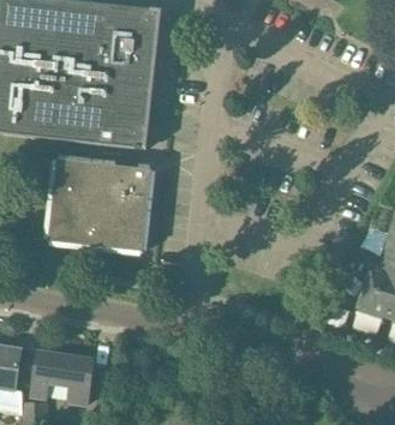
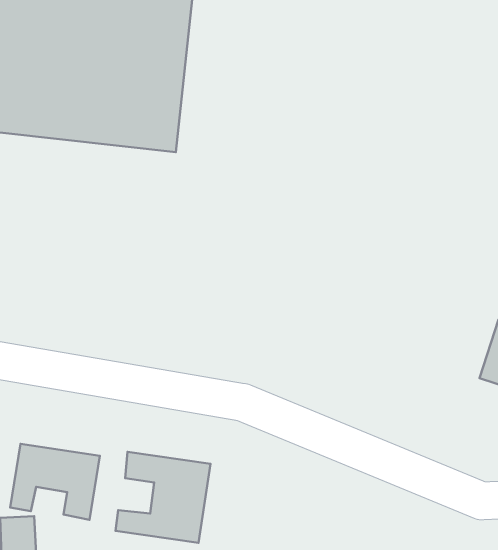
building: [48,157,152,251] -> none
building: none -> [115,452,210,543]

